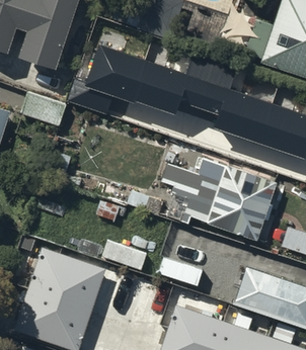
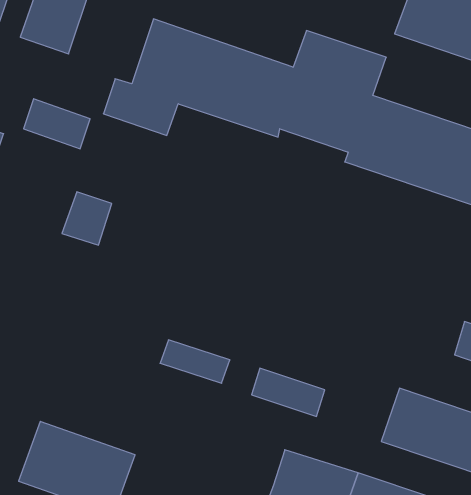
building: [182,156,279,237] -> none
building: [29,251,101,310] -> none

